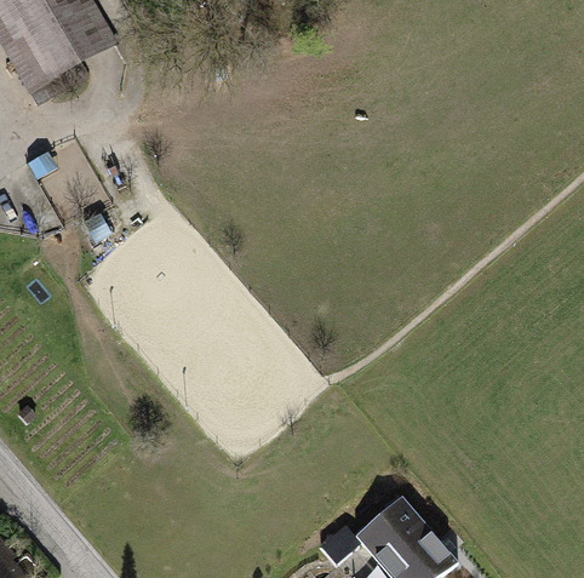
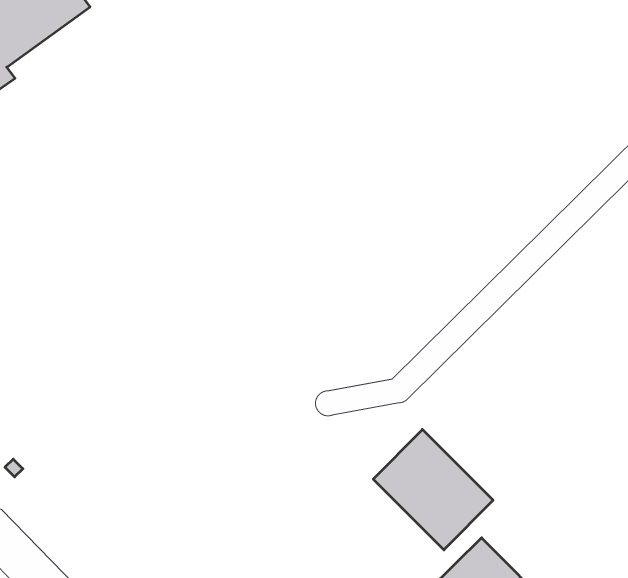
building: none -> [373,429,493,550]

